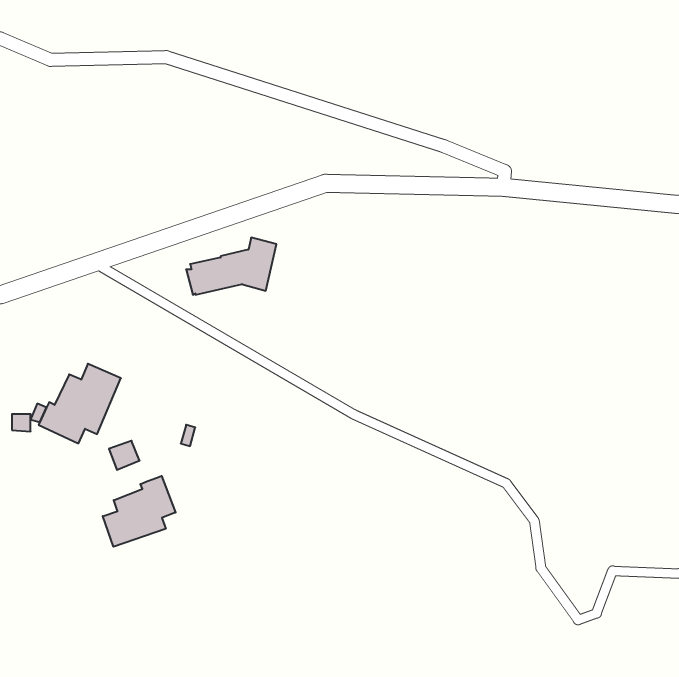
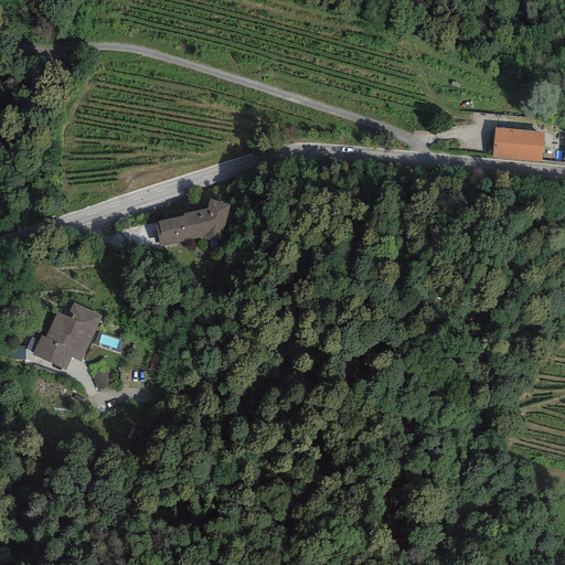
building: none -> [492,127,543,159]
building: [103,476,176,547] -> none

